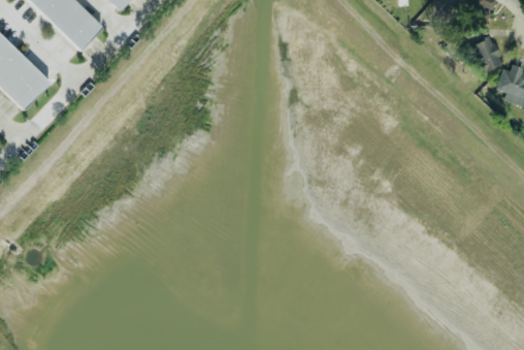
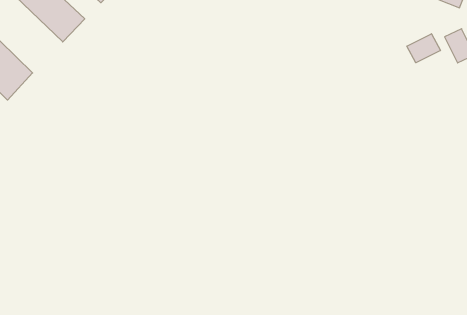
building: none -> [407,34,440,63]

